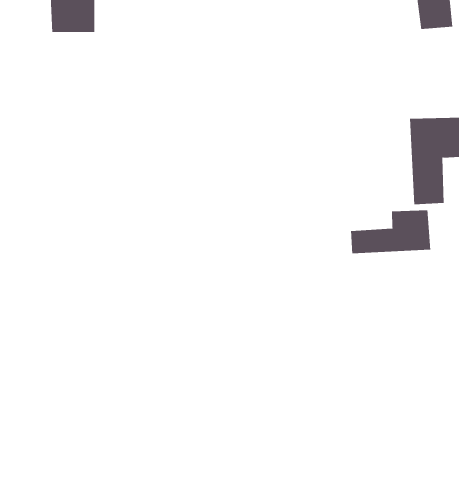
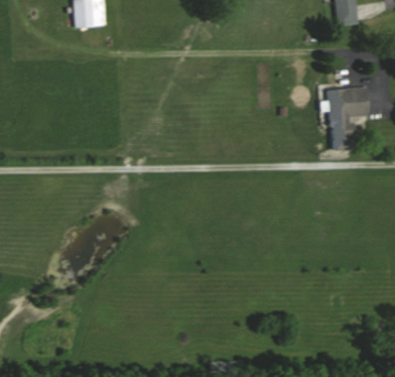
building: [351,210,431,254] -> none

